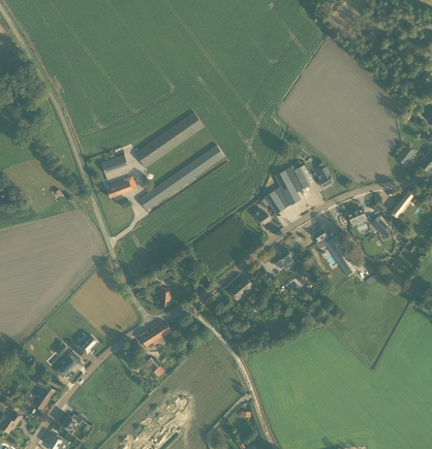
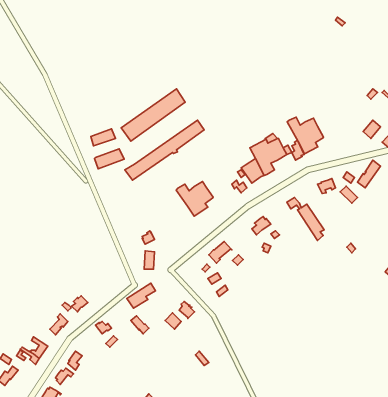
building: none -> [287,117,324,154]
building: none -> [176,182,213,216]

